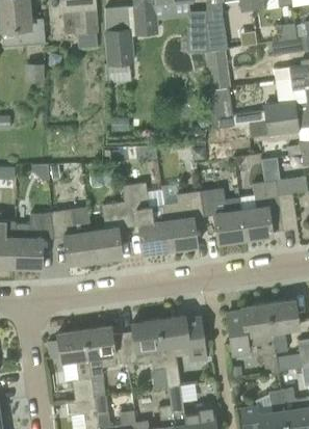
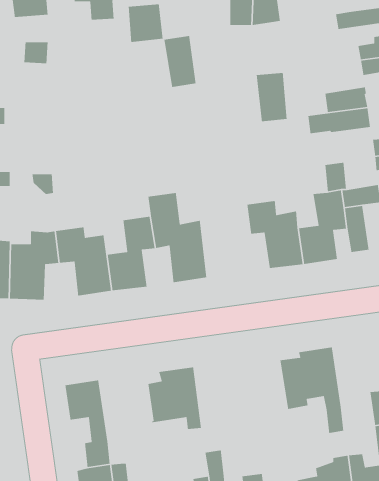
building: [205,49,231,90] -> [163,35,196,88]
building: [164,192,204,250] -> none
building: [268,300,299,352] -> none
building: [159,316,206,387] -> none
building: [84,326,127,379] -> none

